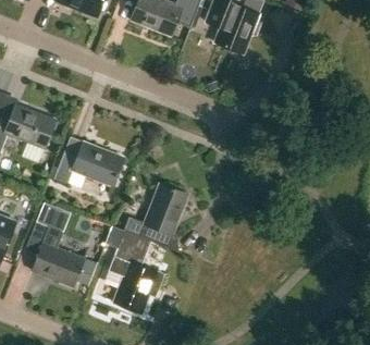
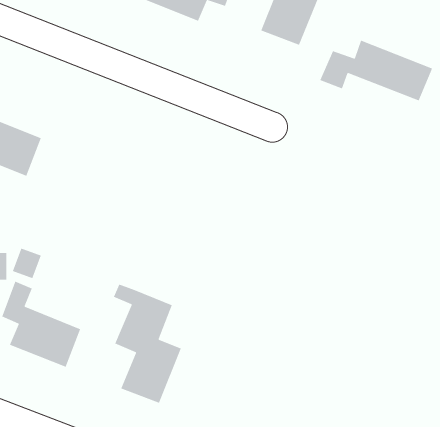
building: none -> [319,39,433,102]
building: [53,140,124,185] -> none
building: [124,182,189,251] -> none

